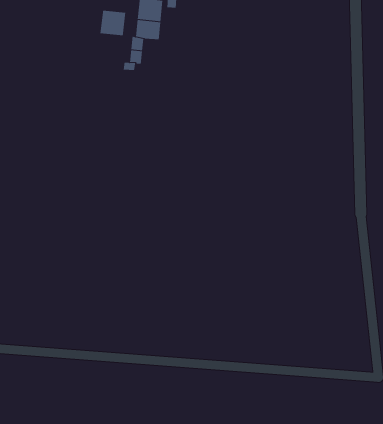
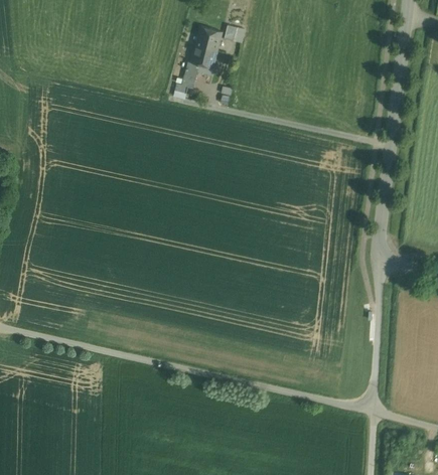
building: [100,10,126,36] -> none

